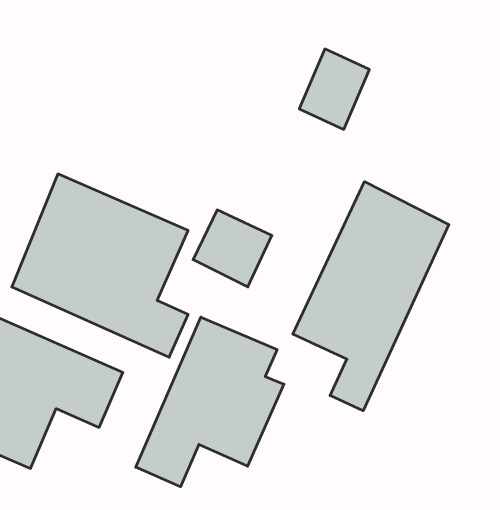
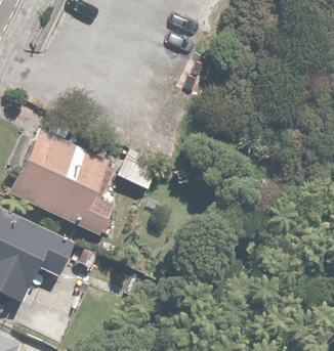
building: [293,182,449,411] -> none
building: [136,317,284,487] -> none

